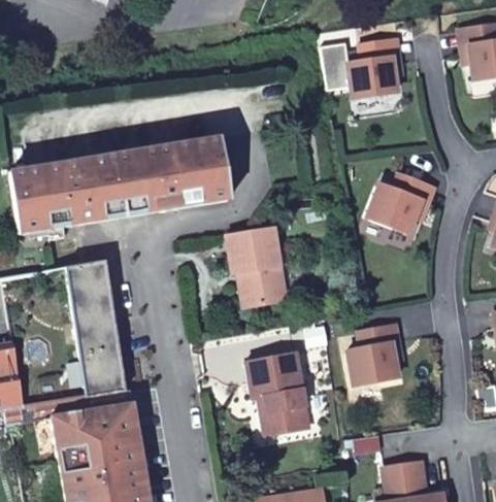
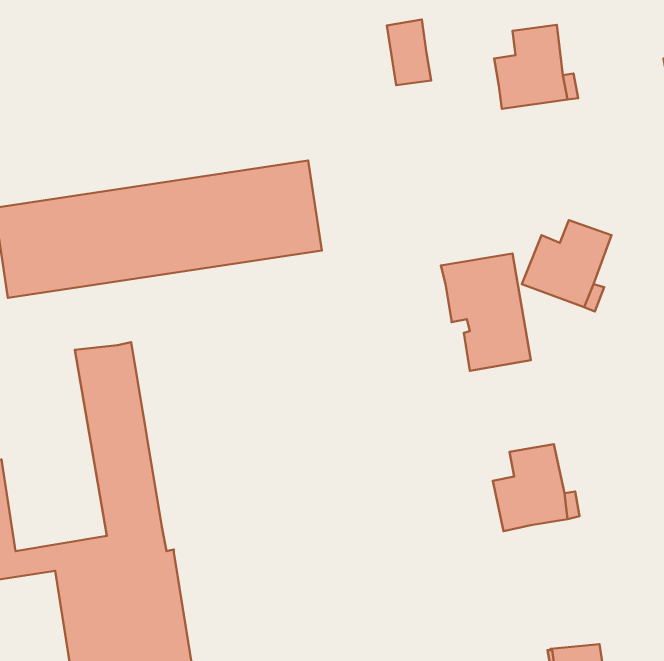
building: [322,45,352,90] -> [387,20,431,85]
building: [226,224,287,303] -> [441,253,531,371]
building: [247,349,311,432] -> none

